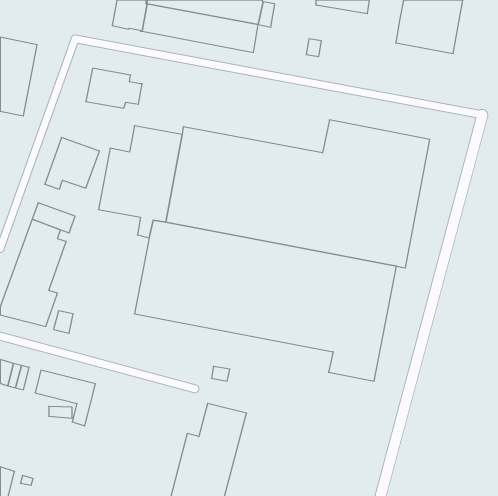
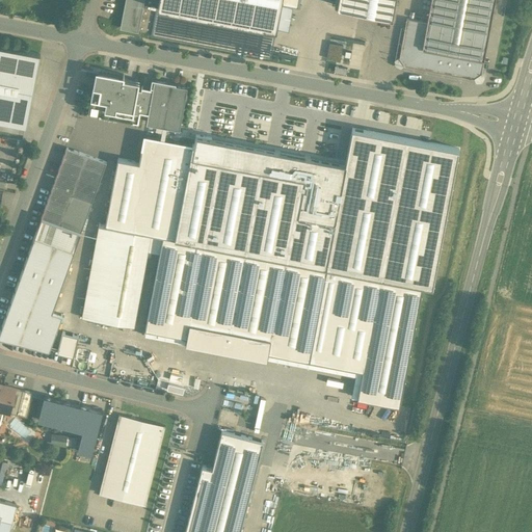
building: none -> [399,20,483,79]
building: none -> [145,80,187,130]
building: none -> [41,194,91,233]
building: none -> [81,224,150,328]
building: none -> [99,416,165,507]

